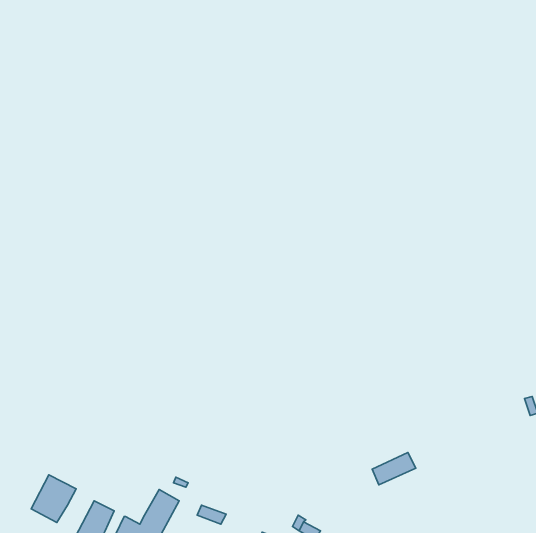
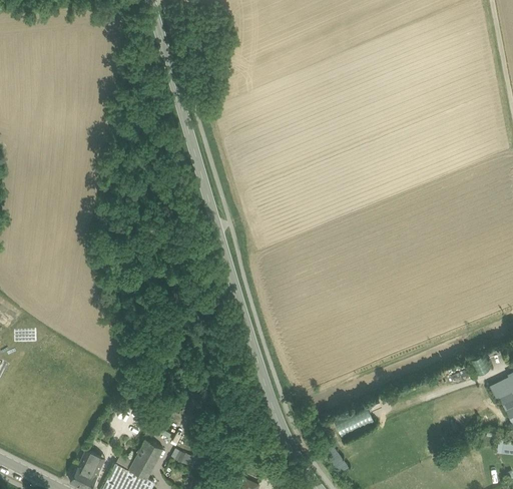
building: [31,475,76,522] -> none

